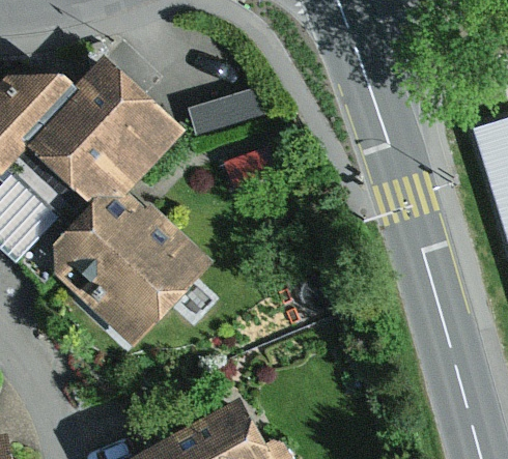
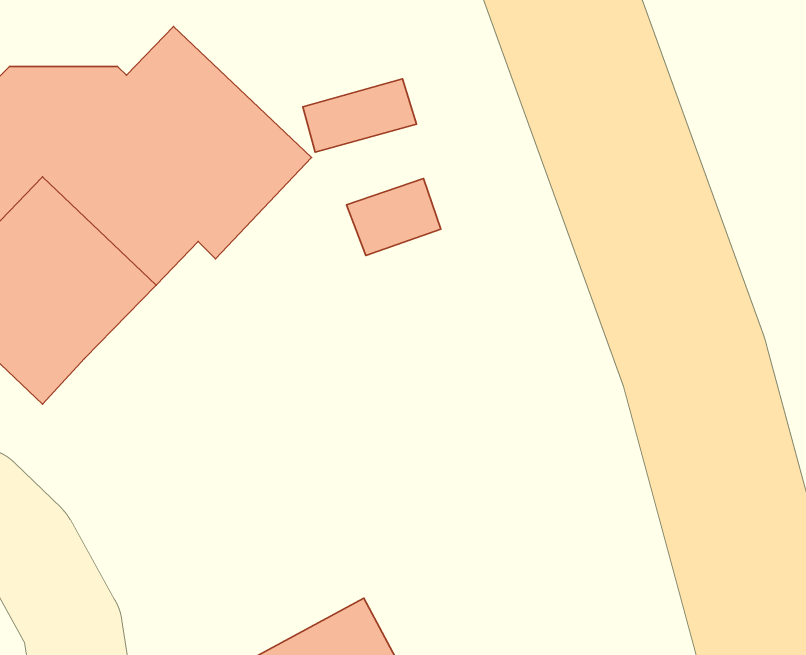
building: [53,183,211,351] -> none

